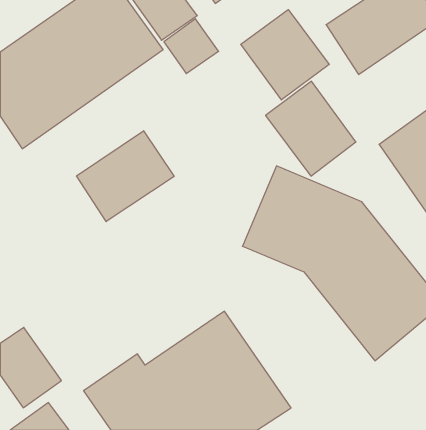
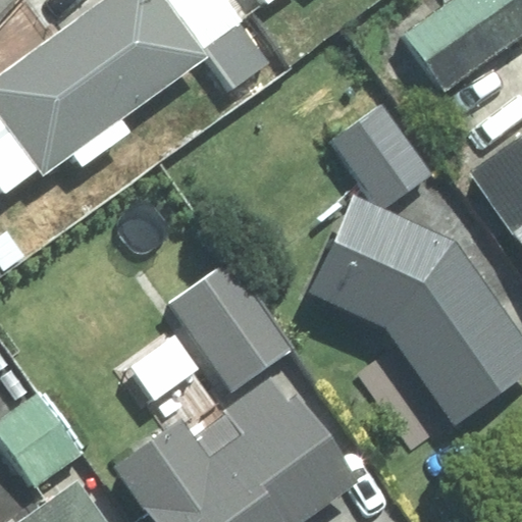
building: [241,10,329,100] -> none
building: [77,131,174,222] -> none
building: none -> [171,261,295,395]

